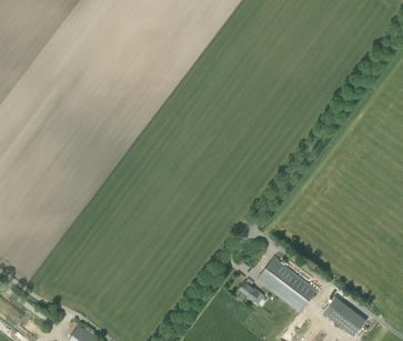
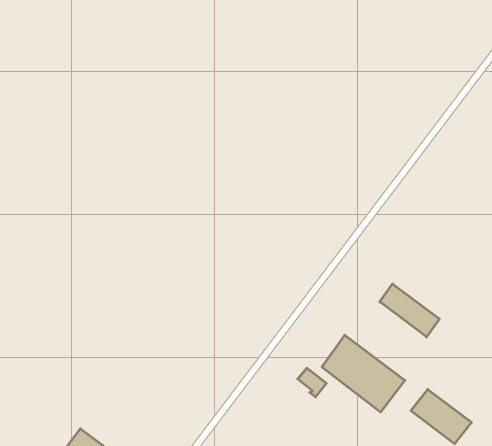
building: none -> [380,284,439,337]

